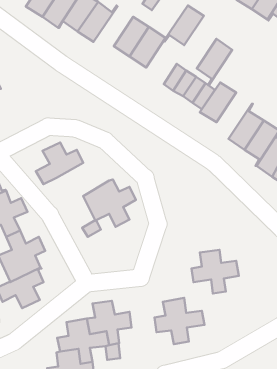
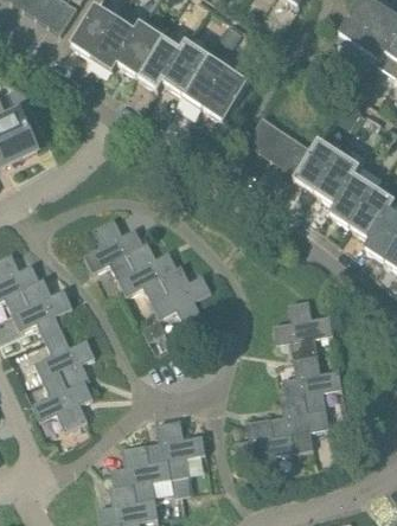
building: [164,6,204,45] -> [156,44,207,95]
building: [197,39,232,85] -> [314,154,359,213]
building: none -> [109,242,177,296]
building: none -> [273,301,333,359]
building: none -> [273,393,329,451]

